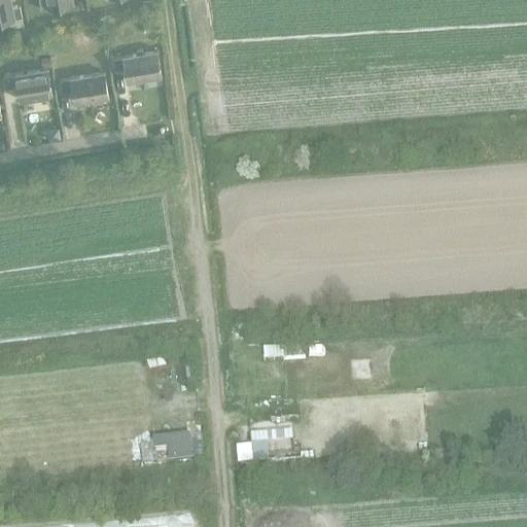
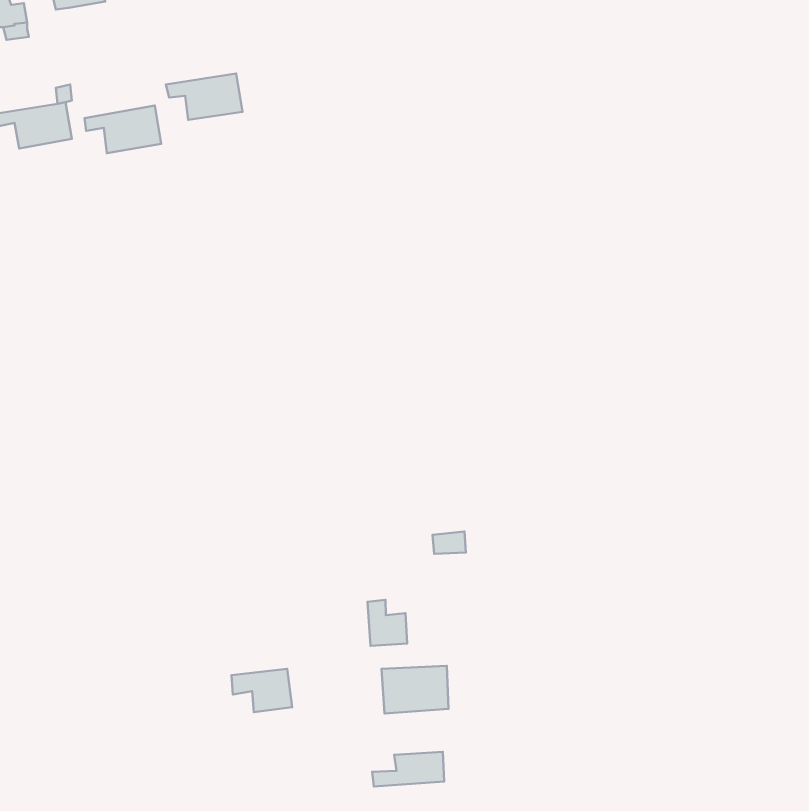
building: none -> [367,600,407,646]
building: none -> [372,752,444,786]

